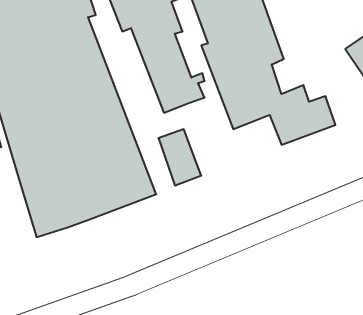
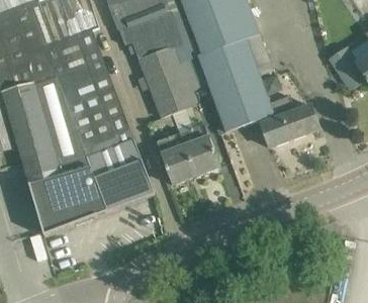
building: none -> [171,108,219,175]

